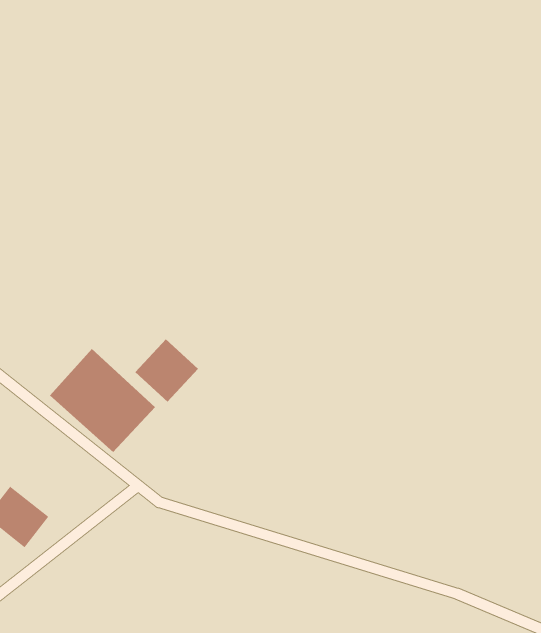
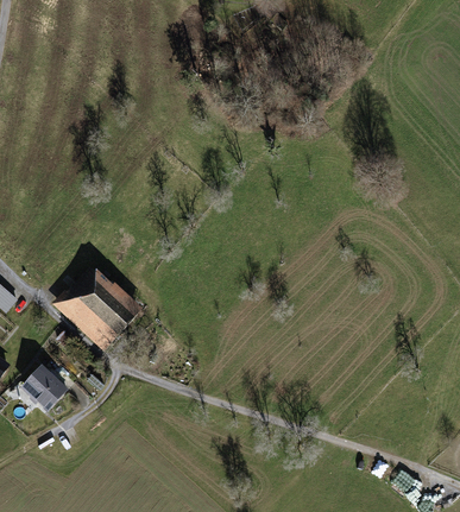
building: [135,338,199,403] -> none

